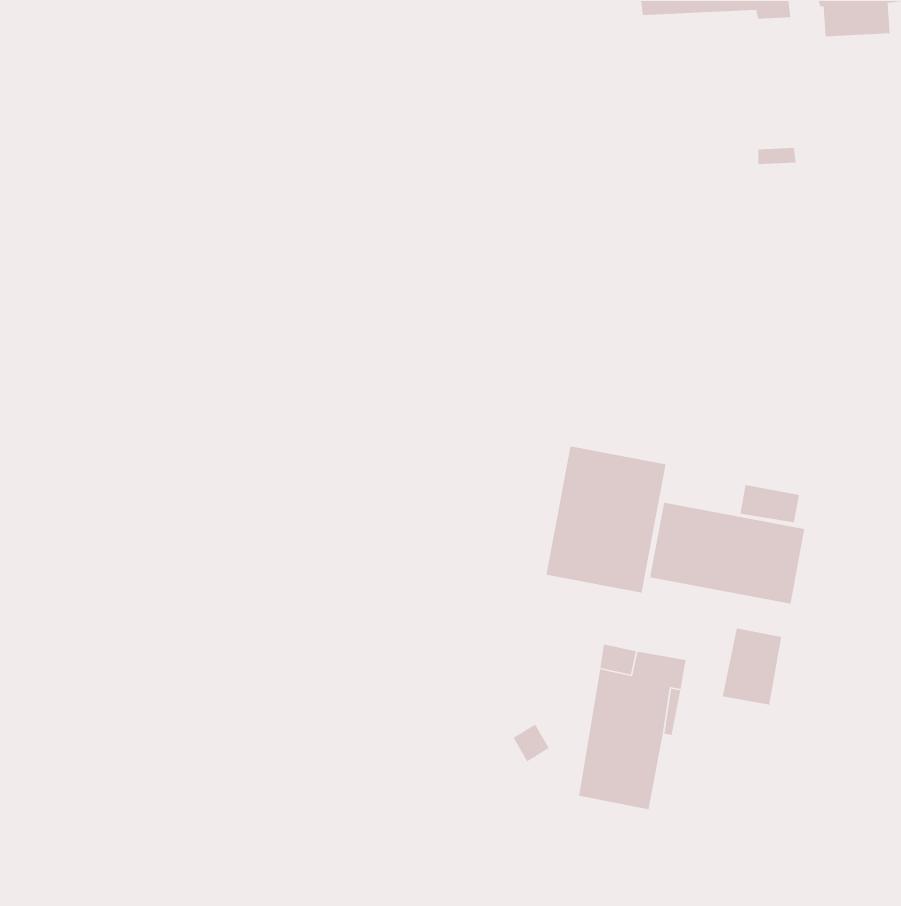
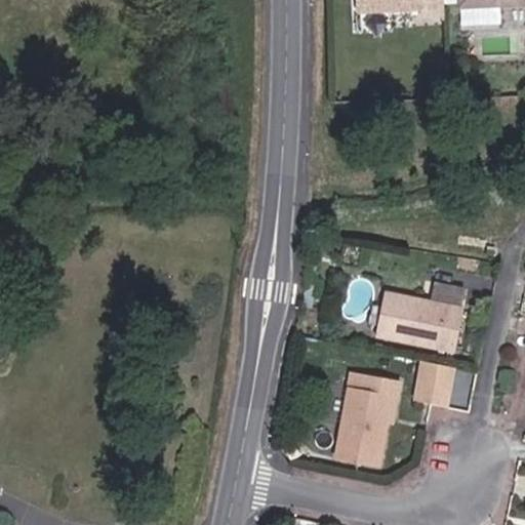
building: [546,446,667,594] -> none

